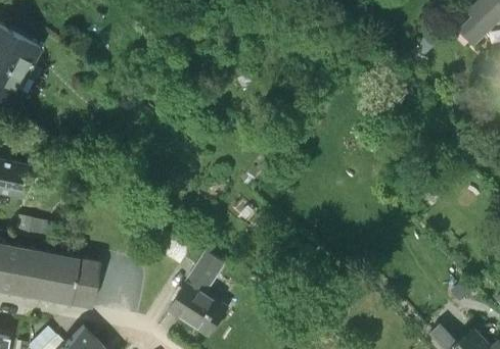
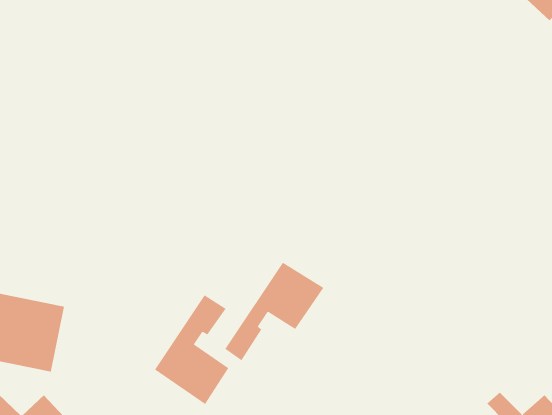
building: none -> [225,262,324,361]

